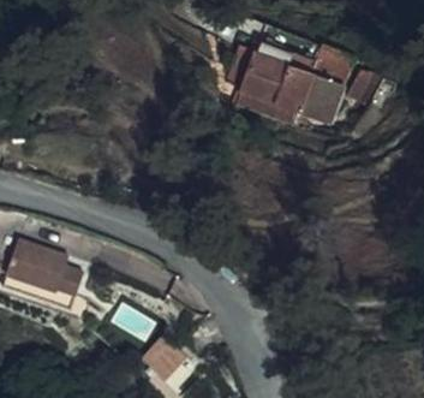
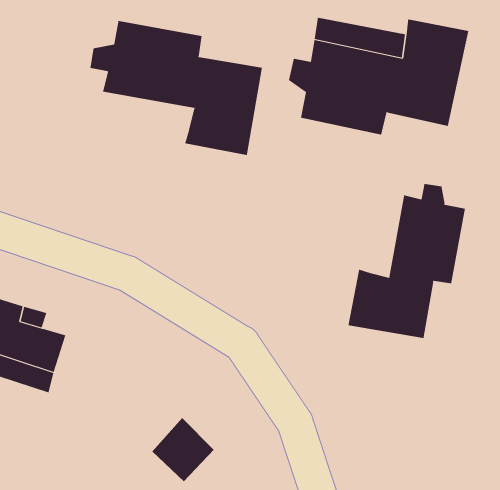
building: none -> [90,20,263,156]
building: none -> [348,183,465,339]

